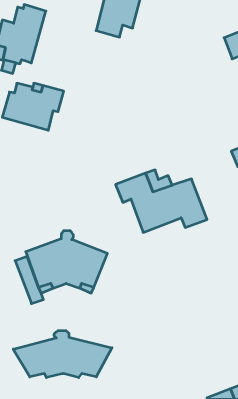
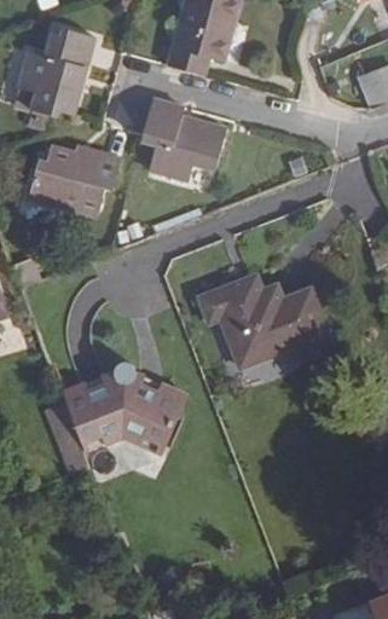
building: none -> [141,93,226,178]
building: [13,331,112,378] -> none

